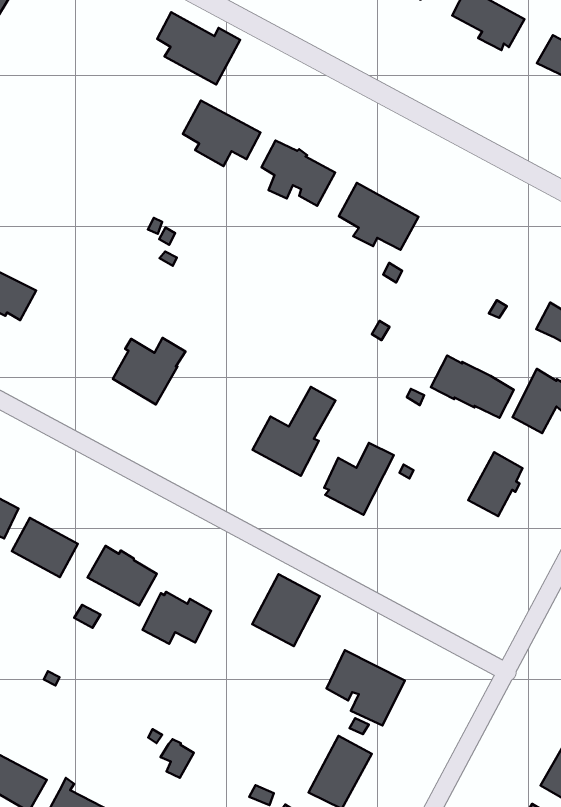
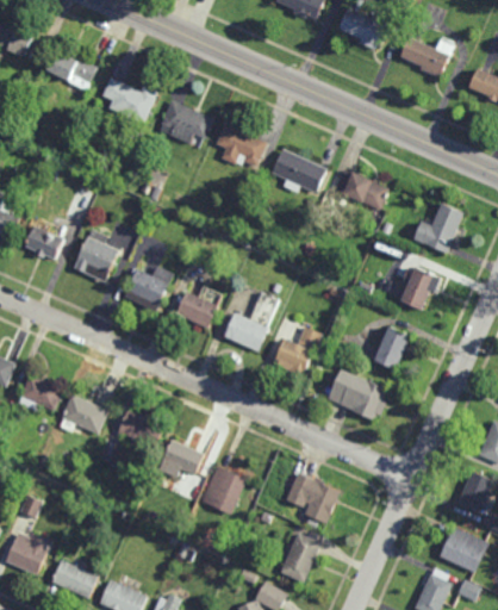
building: [157,12,240,85] -> [100,76,157,124]
building: none -> [46,51,95,91]
building: none -> [73,229,118,282]
building: [431,355,514,418] -> [331,169,388,210]
building: none -> [175,292,217,330]
building: none -> [340,374,386,423]
building: [252,574,320,646] -> [200,465,245,513]

